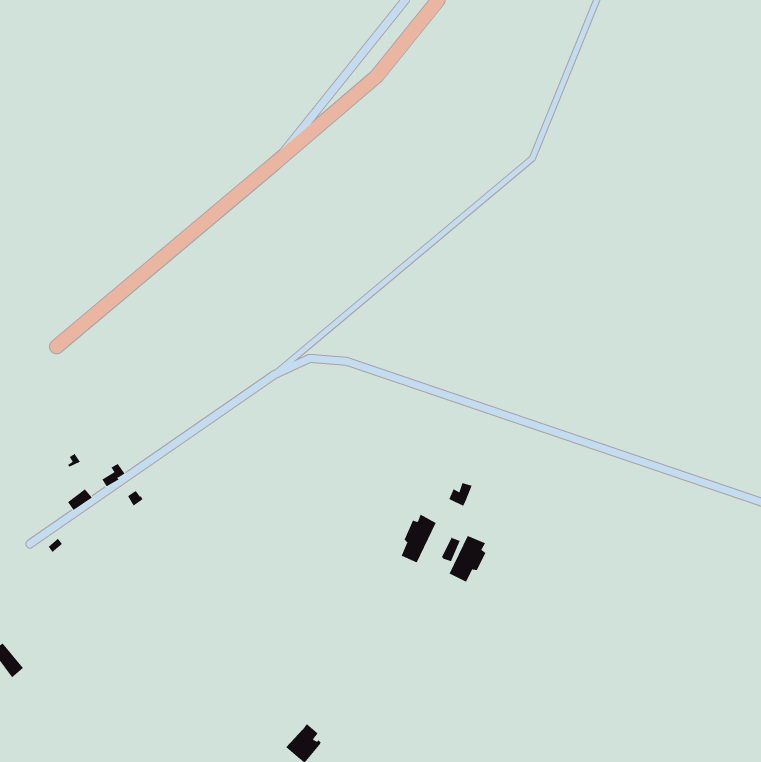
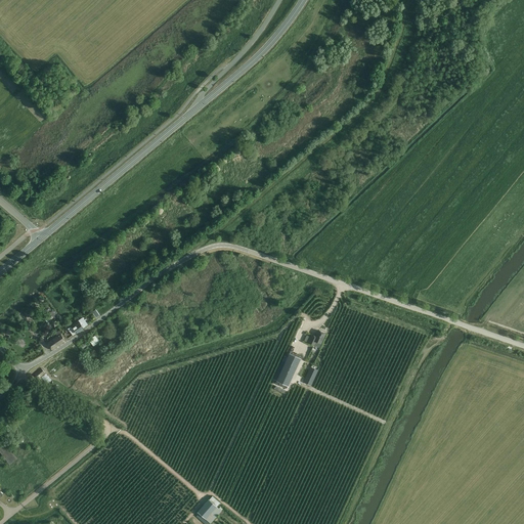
building: [449,535,486,583] -> none

